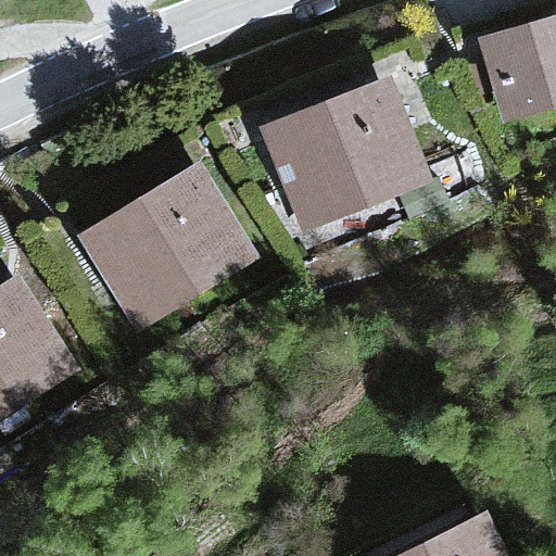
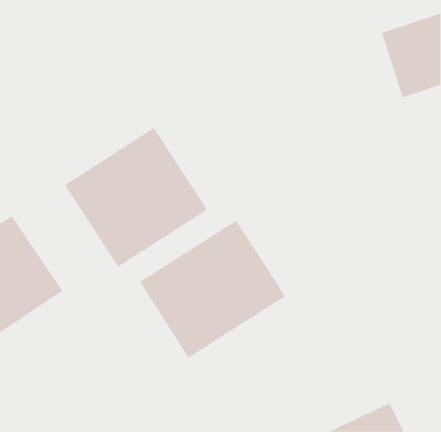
building: [260,76,433,232] -> none
building: none -> [139,220,286,358]

